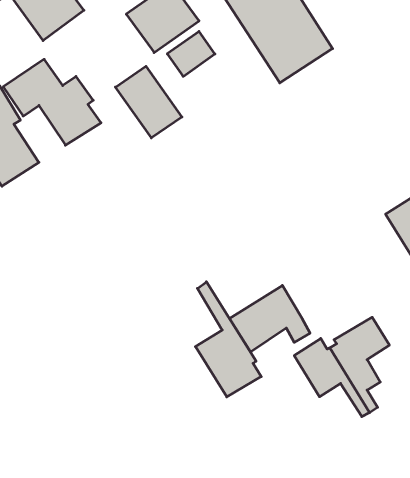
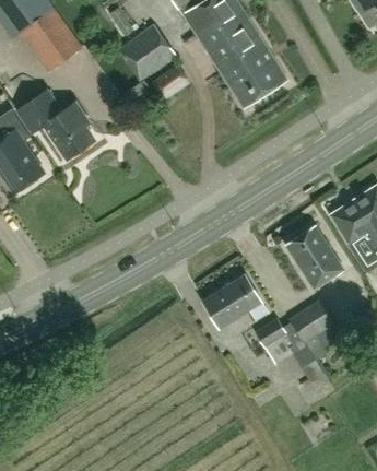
building: [115,66,182,138] -> none
building: none -> [285,226,342,289]
building: [195,282,261,397] -> none

